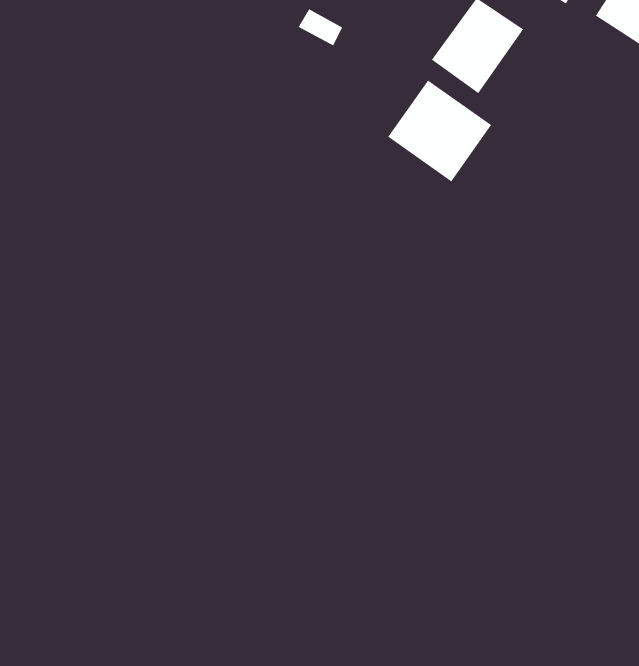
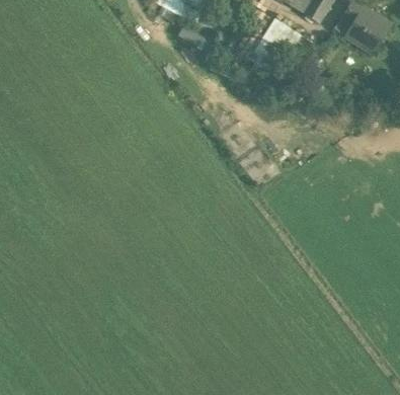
building: [387,80,492,182] -> none

